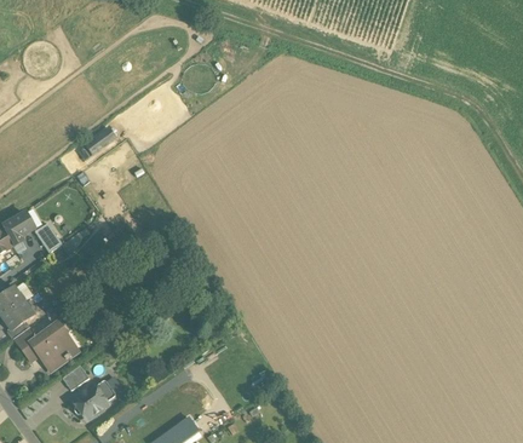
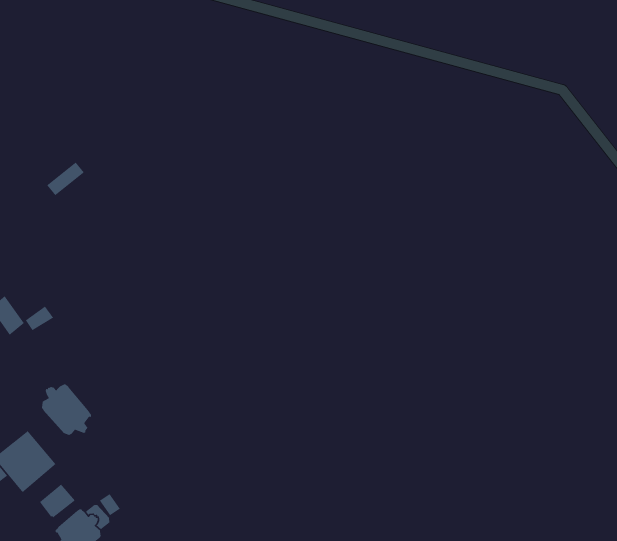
building: none -> [41,383,92,436]

